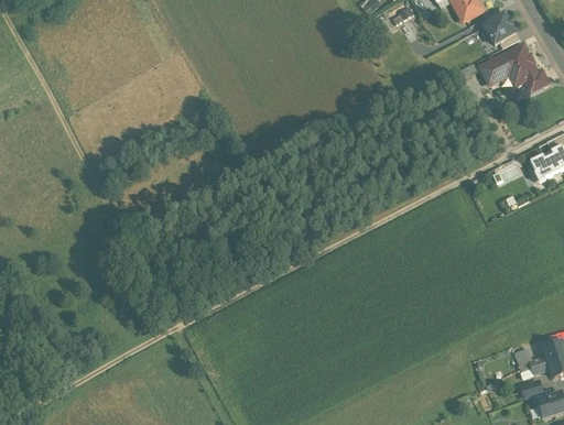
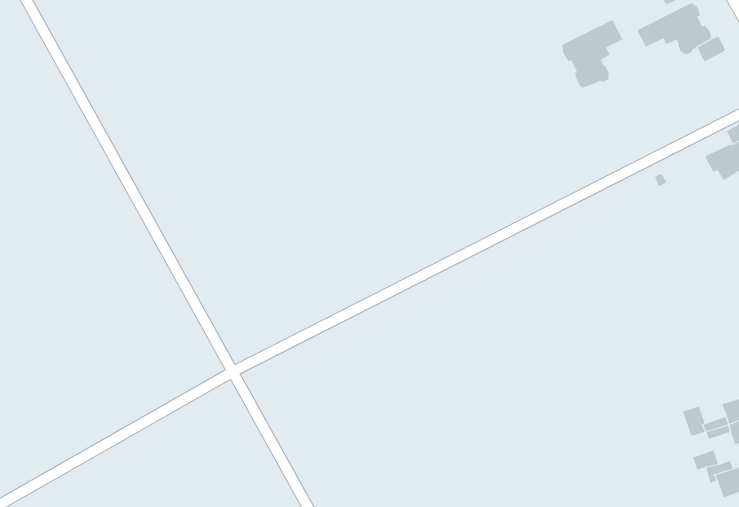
building: none -> [562,19,623,88]

